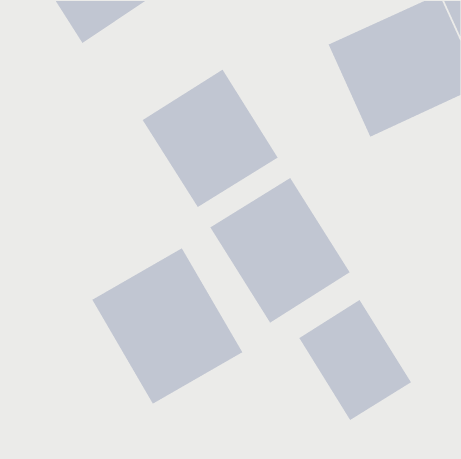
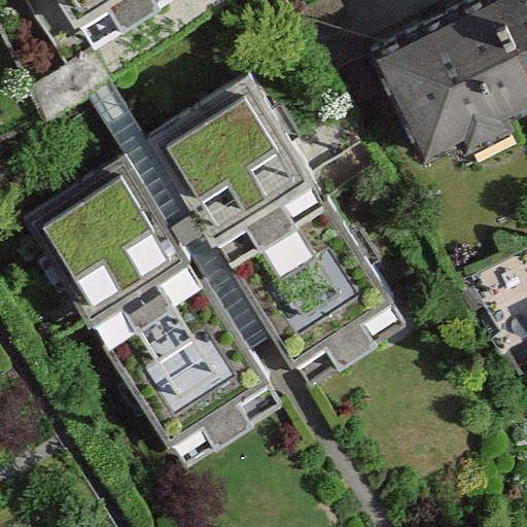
building: none -> [28,153,188,314]
building: [298,299,412,421] -> none

